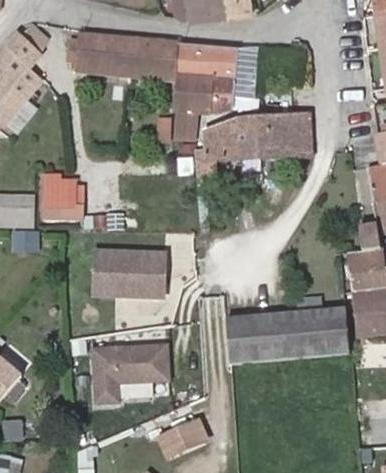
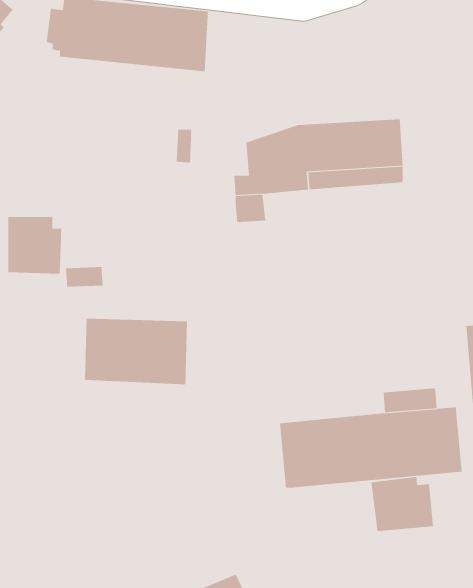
building: [174,43,238,138] -> none
building: [94,341,170,399] -> none
building: none -> [371,476,433,532]

